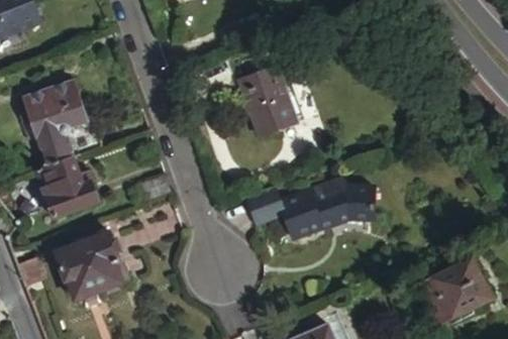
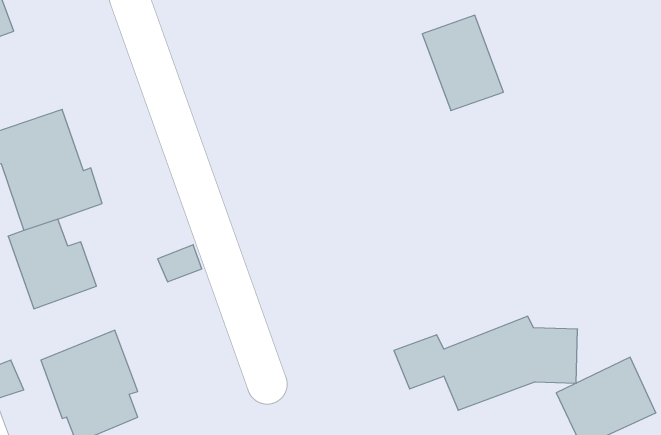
building: [235,67,293,134] -> [422,15,503,111]
building: [244,175,375,241] -> [394,316,578,410]

